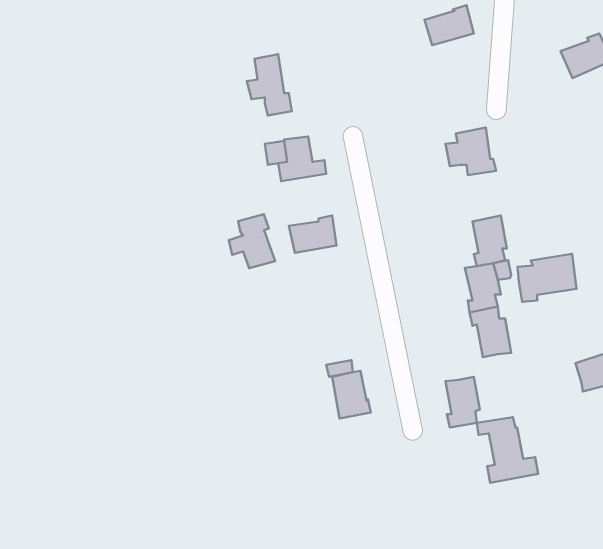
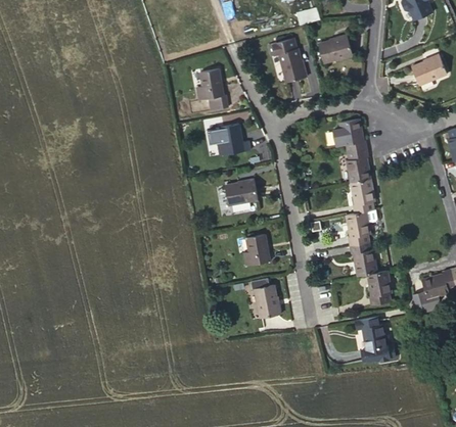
building: none -> [268,38,307,82]
building: none -> [347,148,370,183]
building: [229,214,275,268] -> none
building: [518,254,577,302] -> none
building: none -> [243,235,269,266]
building: [445,377,480,427] -> [368,271,392,305]

